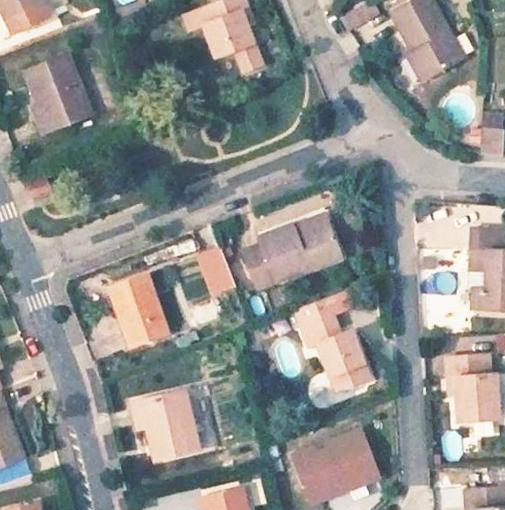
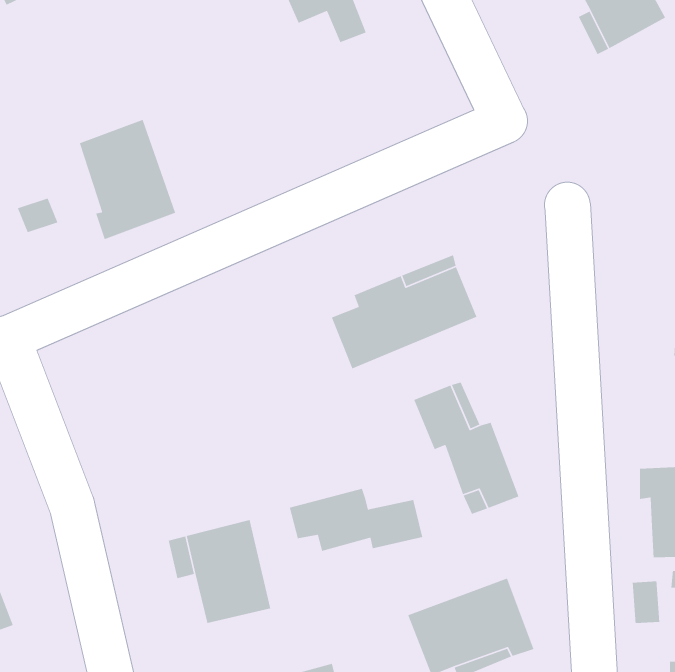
building: [26,54,91,135] -> [79,119,176,240]
building: [197,246,232,292] -> none
building: [107,274,166,348] -> none
building: none -> [289,488,423,552]

